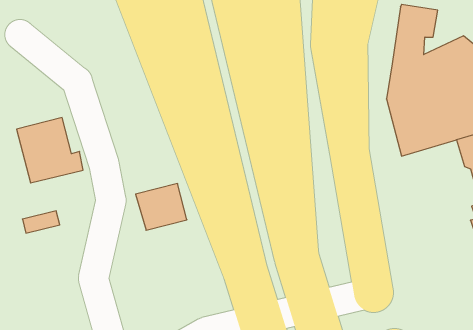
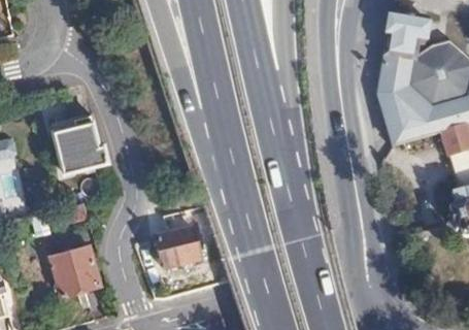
building: [136,184,187,230] -> [158,228,203,269]
building: none -> [52,243,102,293]

